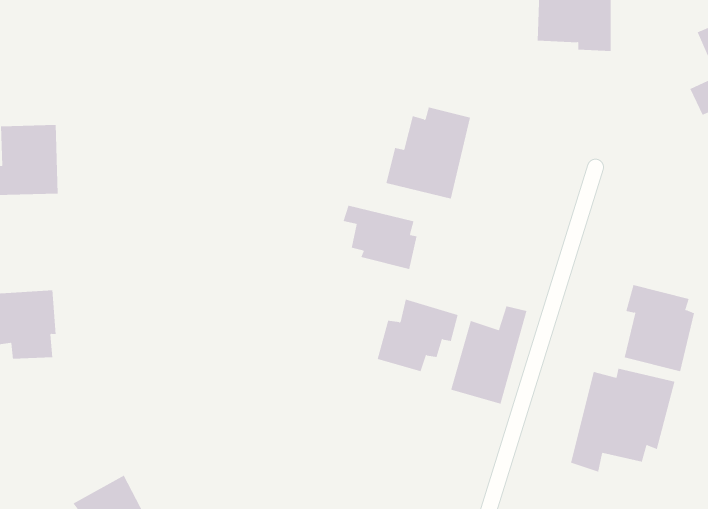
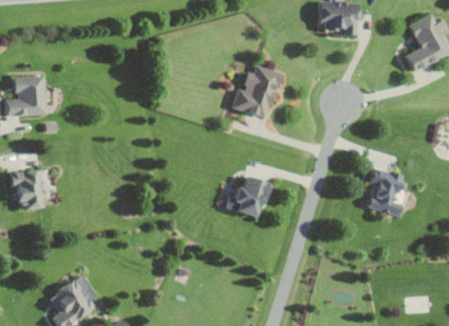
building: [343,205,417,270] -> none
building: [451,306,527,404] -> none
building: [570,368,675,472] -> none

